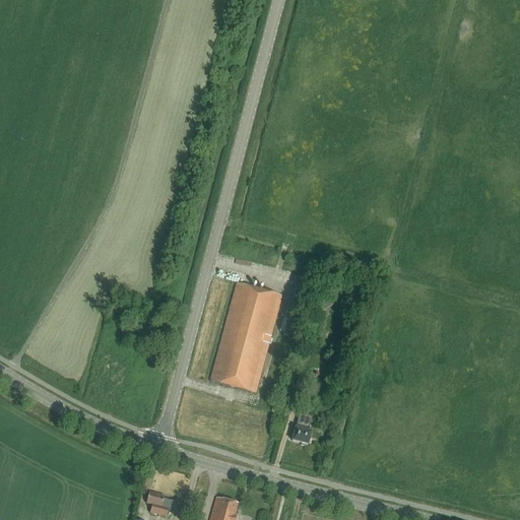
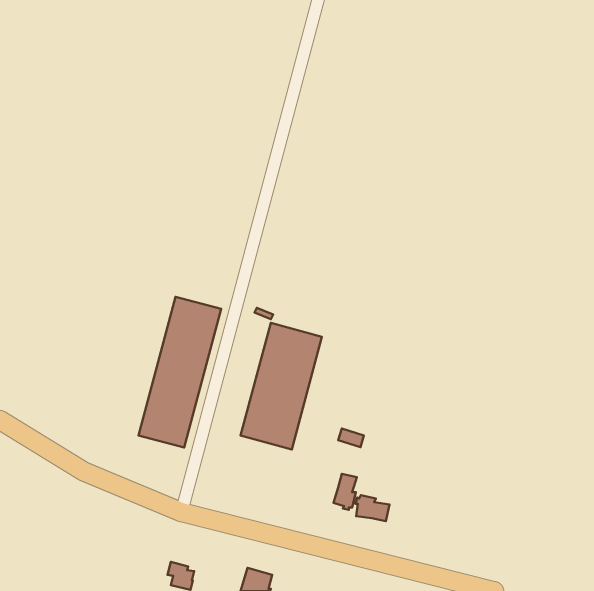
building: none -> [138,297,221,447]
building: none -> [355,495,390,521]

